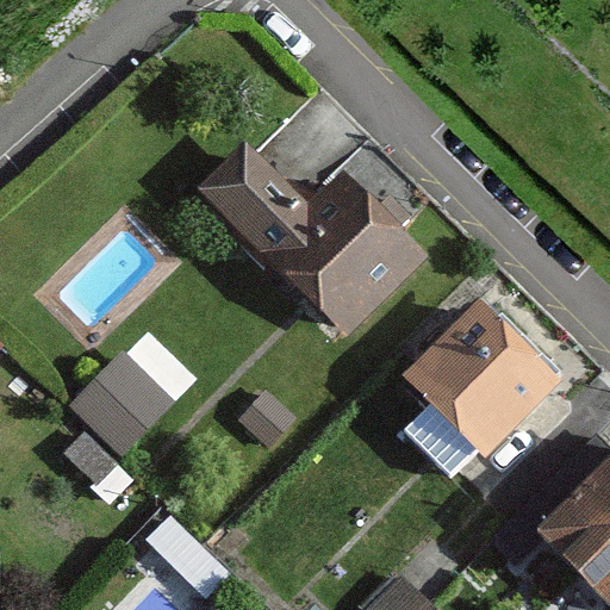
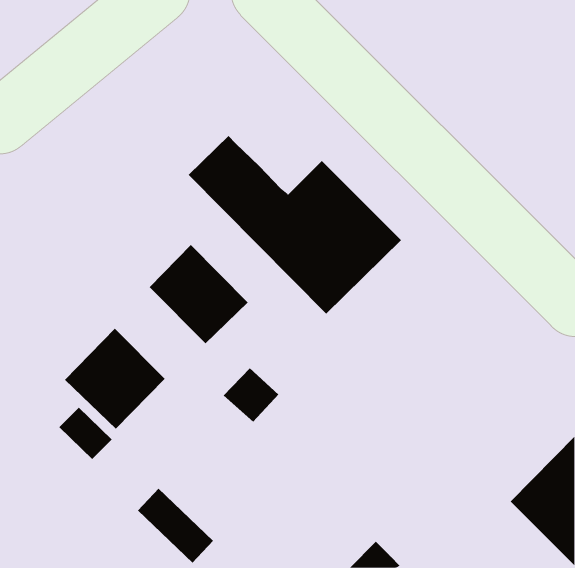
building: none -> [149,244,249,344]
building: [402,299,558,455] -> none

